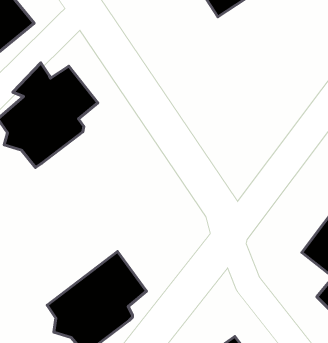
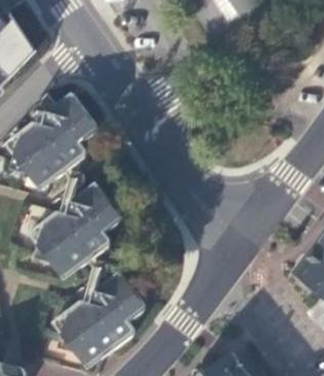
building: none -> [27,181,122,279]

